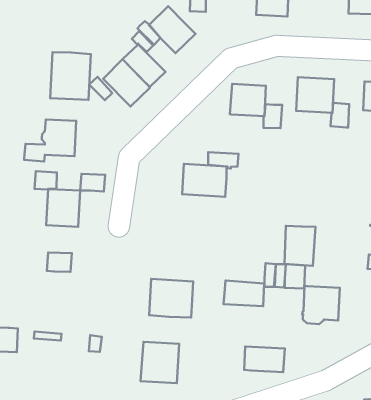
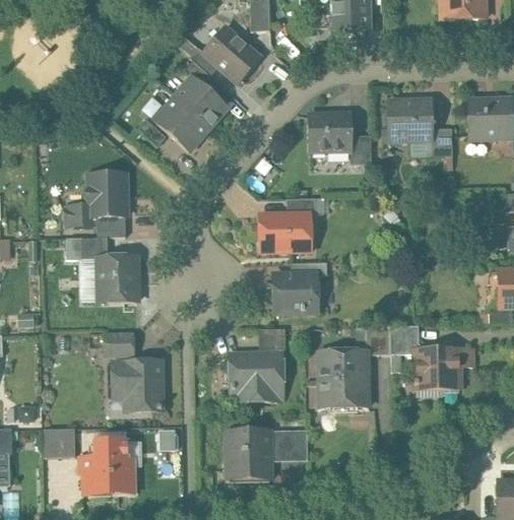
building: [50,52,91,100] -> none
building: [80,174,105,192] -> [97,215,125,237]
building: none -> [273,274,322,312]
building: [284,226,315,266] -> none
building: none -> [258,328,285,354]
building: none -> [113,361,162,409]
building: none -> [80,440,134,493]
building: none -> [270,430,307,458]
building: [244,346,285,372] -> [319,378,367,407]

